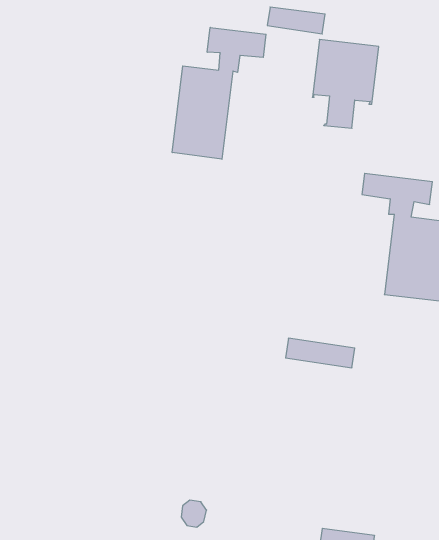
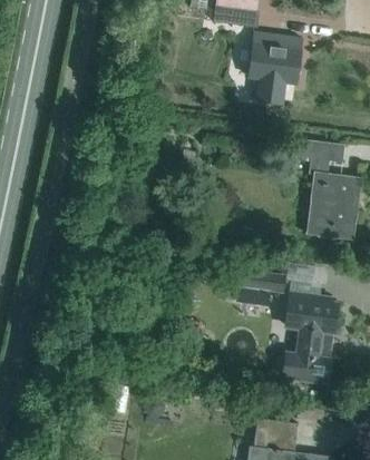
building: [172,27,266,159] -> none
building: none -> [282,293,337,382]

